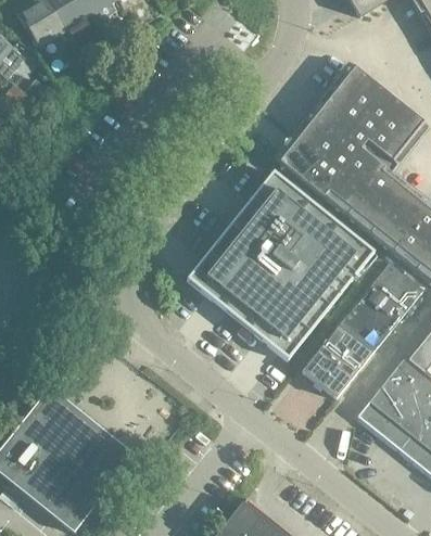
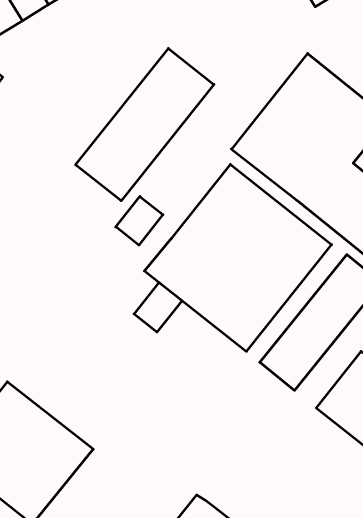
building: none -> [76,48,214,201]
building: none -> [116,196,163,245]
building: none -> [134,283,182,332]

